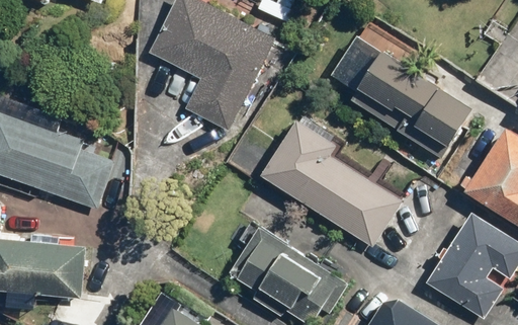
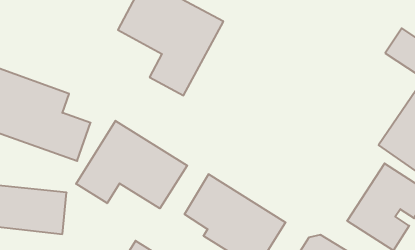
building: [331,34,473,160] -> none
building: [260,118,401,248] -> none
building: none -> [76,121,187,208]

